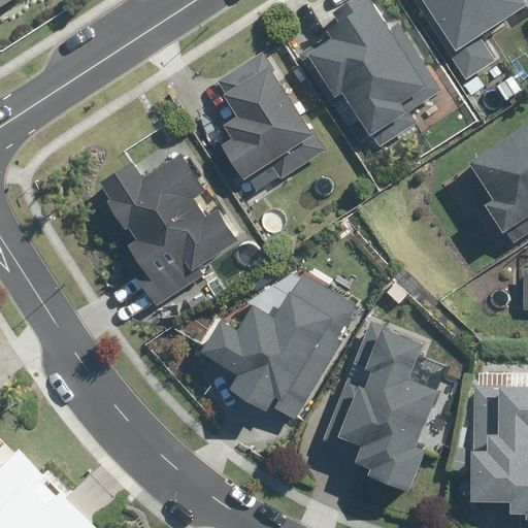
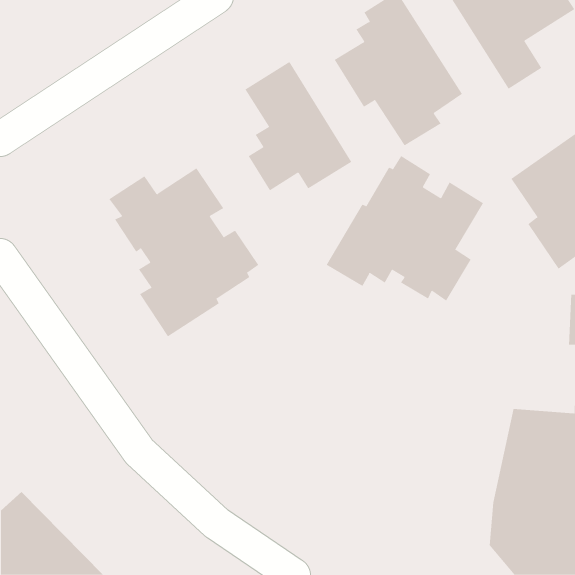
building: none -> [326,155,484,302]
building: [201,275,355,421] -> none
building: [322,323,433,496] -> none

